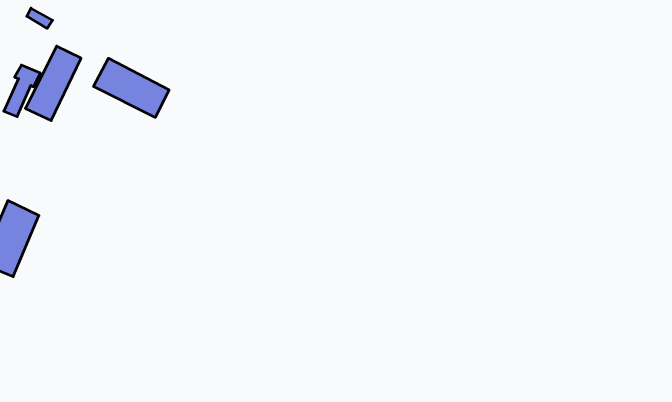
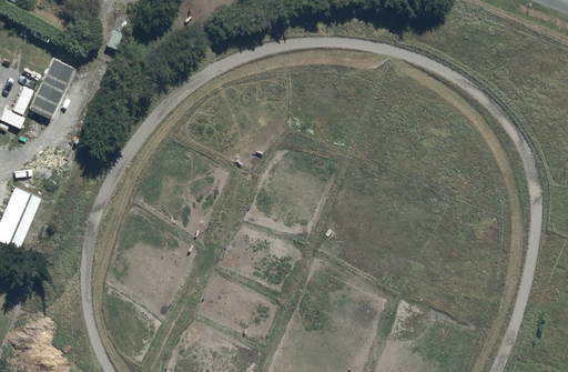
building: [94,58,169,117] -> none

